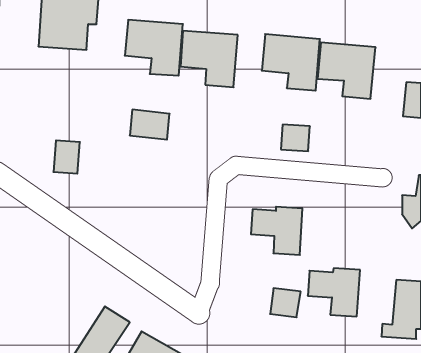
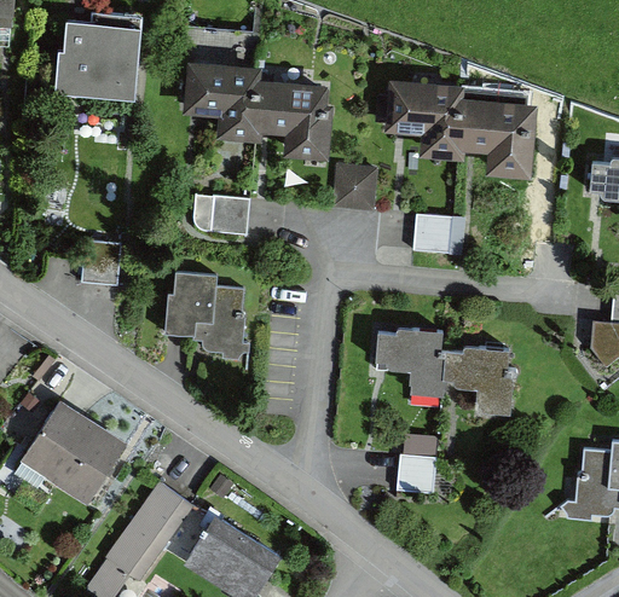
building: none -> [330,166,375,209]
building: none -> [169,274,244,346]
building: none -> [18,401,127,508]
building: [308,268,360,316] -> [444,341,520,411]

